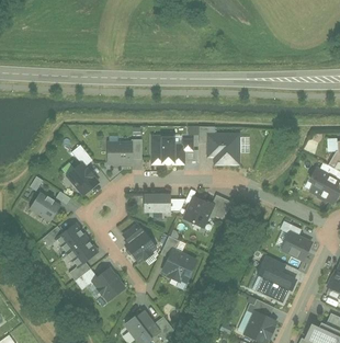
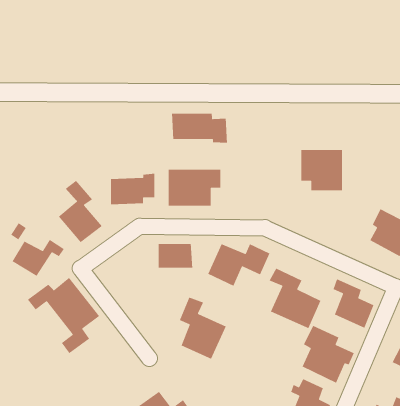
building: none -> [171,113,228,144]
building: [207,130,240,163] -> [301,149,343,191]
building: none -> [268,267,321,329]
building: [123,220,158,261] -> none
building: [75,264,126,299] -> none

